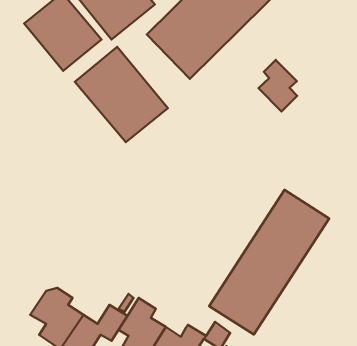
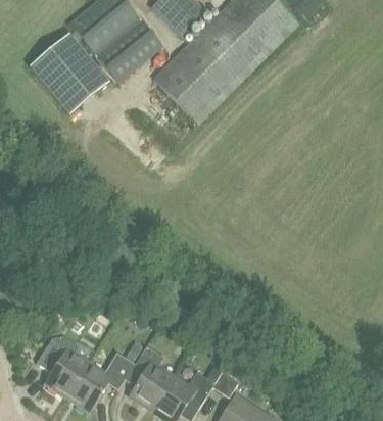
building: [75,47,168,142] -> none
building: [258,60,297,112] -> none
building: [209,190,329,335] -> none

